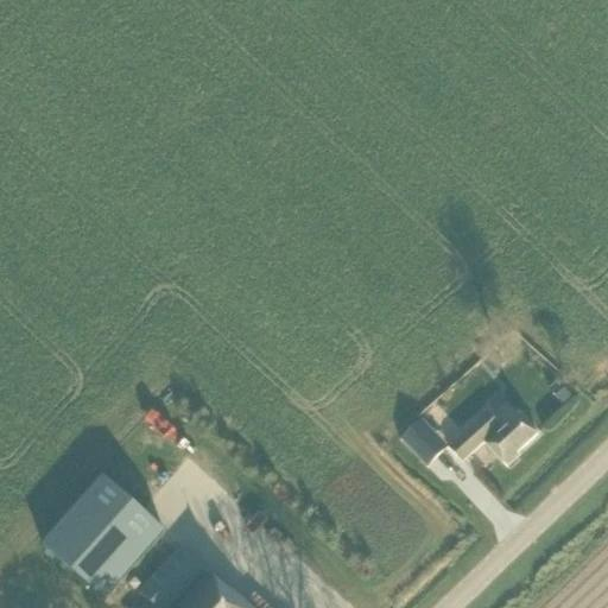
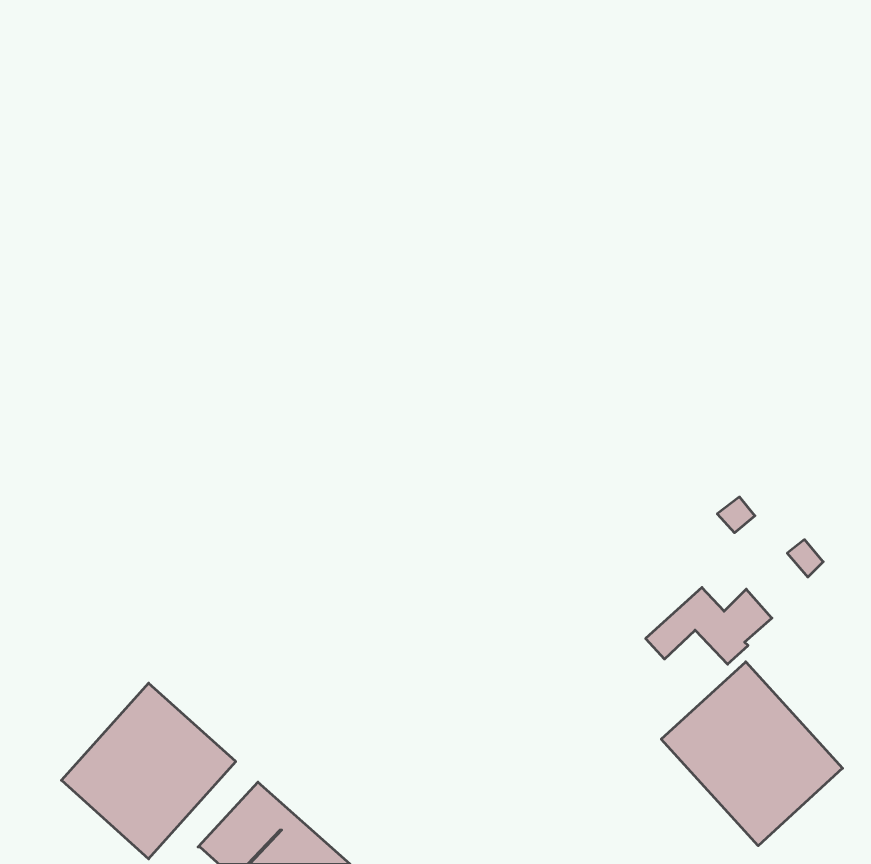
building: [400,417,441,457] -> none
building: none -> [661,662,843,846]

